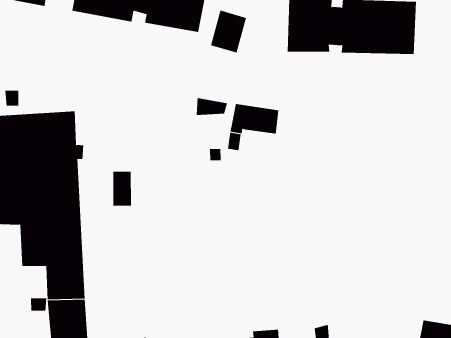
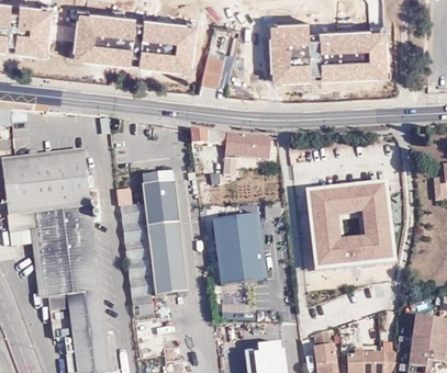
building: none -> [142,176,187,292]
building: none -> [304,174,398,268]
building: none -> [212,211,267,284]

